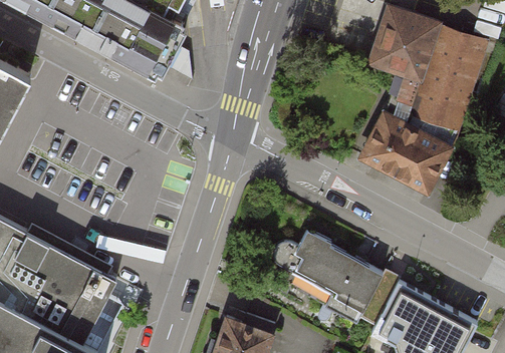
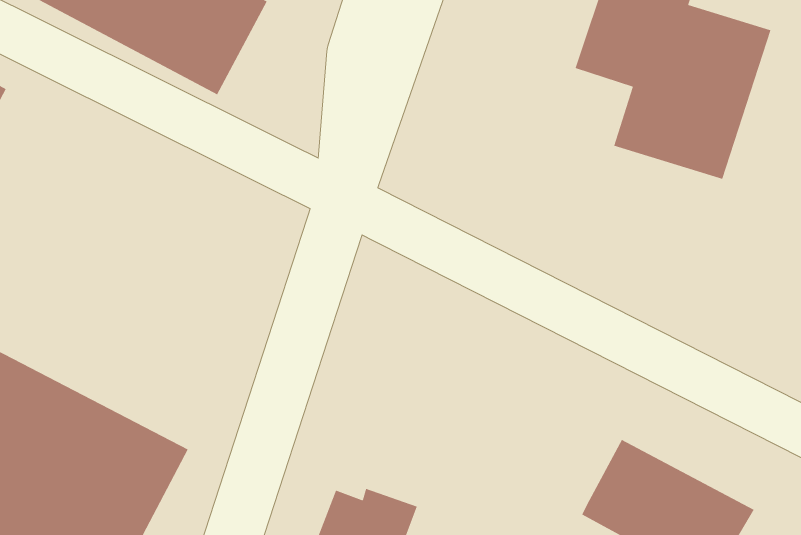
building: [359,110,450,190] -> none
building: [268,235,396,323] -> none

